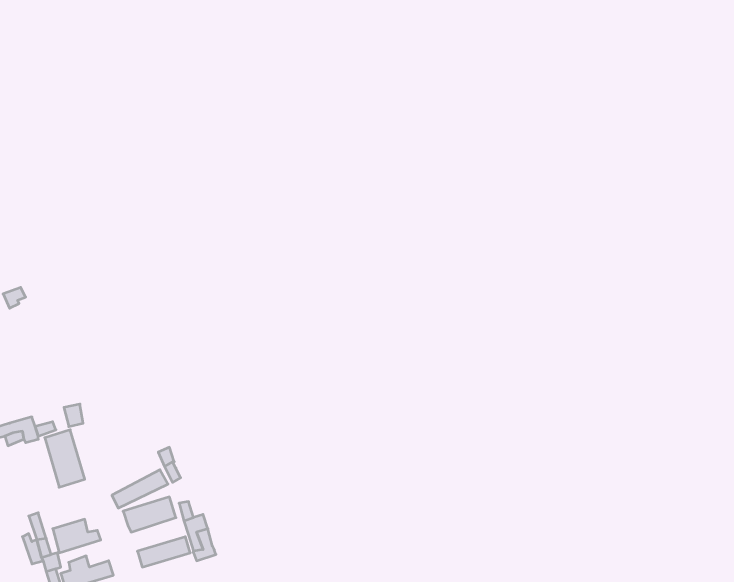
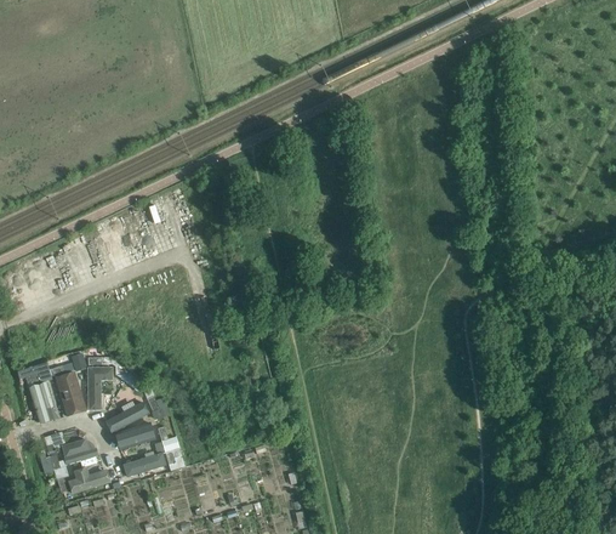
building: none -> [86,365,113,409]
building: none -> [28,380,52,421]

